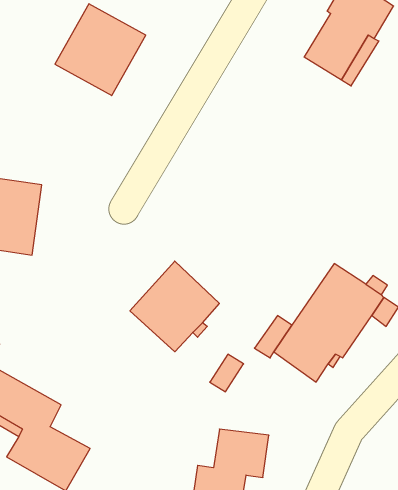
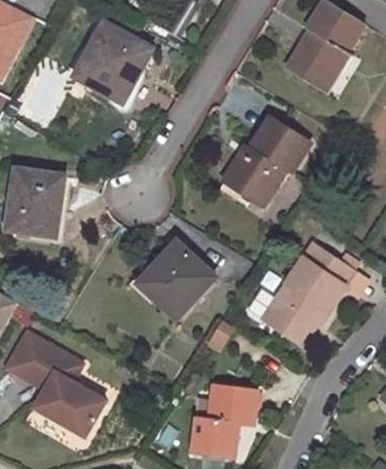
building: none -> [226,117,308,202]

